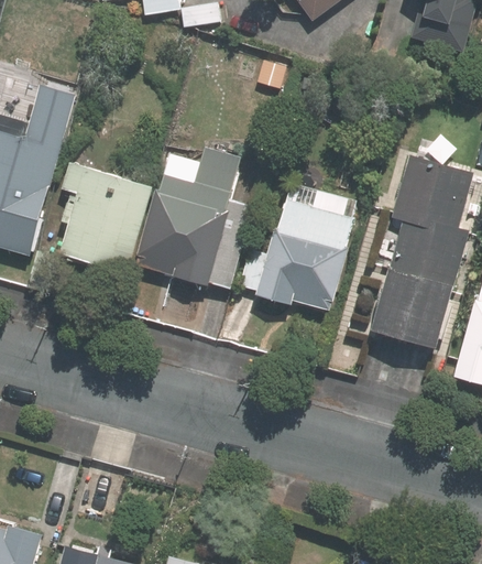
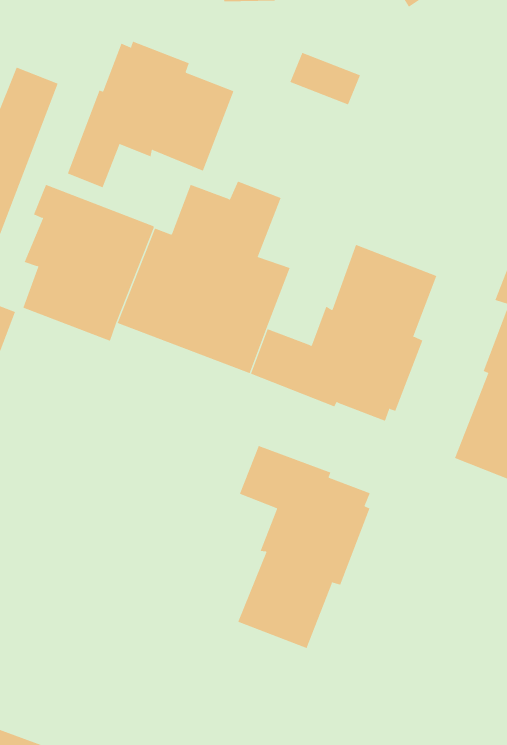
building: none -> [67,41,234,188]
building: none -> [237,445,371,649]

